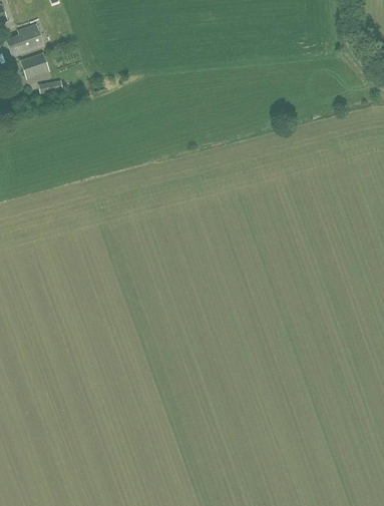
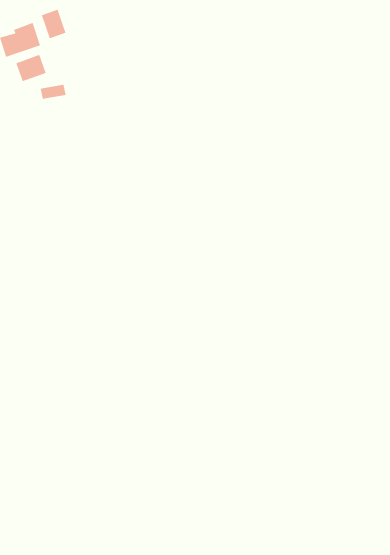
building: none -> [41,9,66,39]

